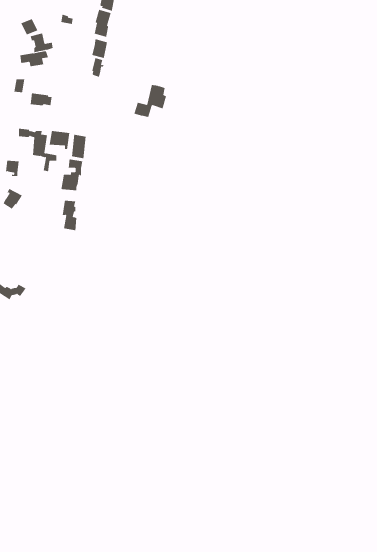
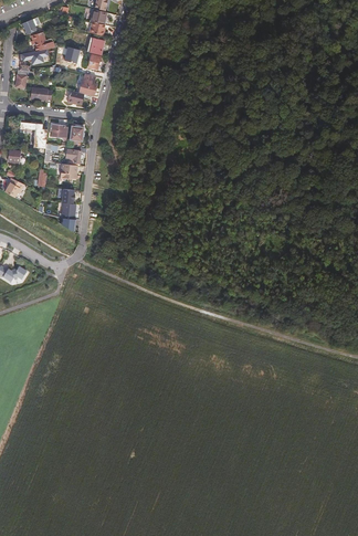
building: [134,84,167,117] -> [65,73,96,104]

